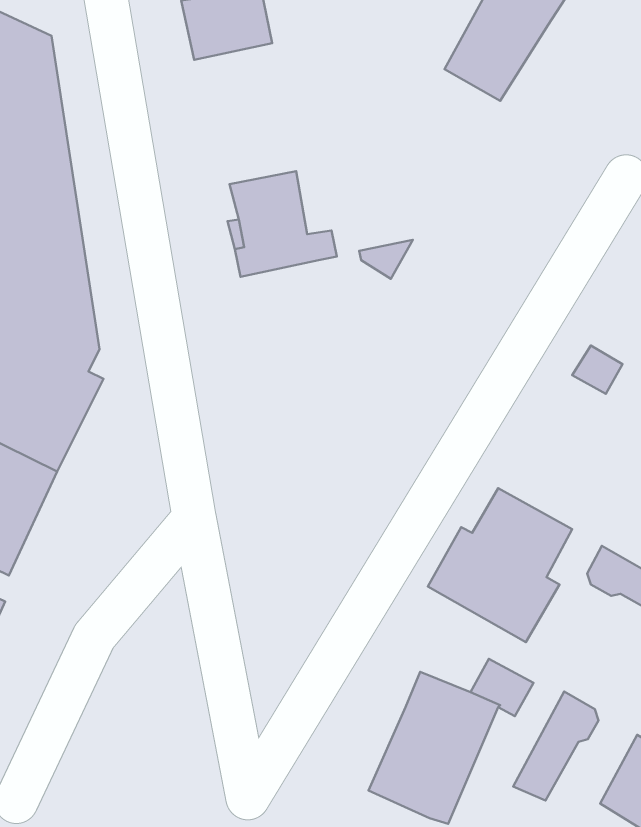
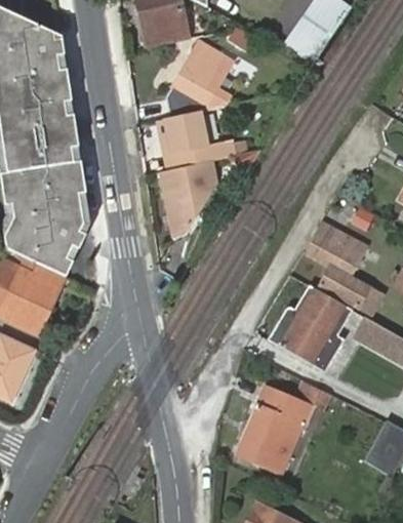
building: none -> [172,41,233,107]
building: none -> [158,159,213,233]
building: none -> [306,224,378,313]
building: [513,692,599,801] -> none

